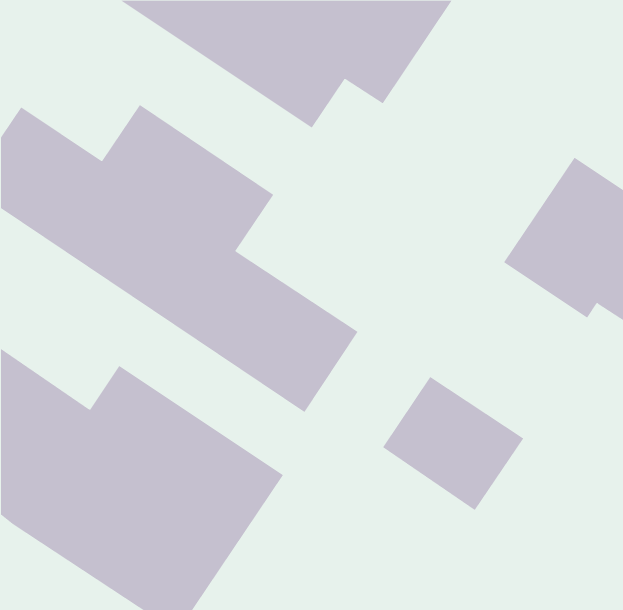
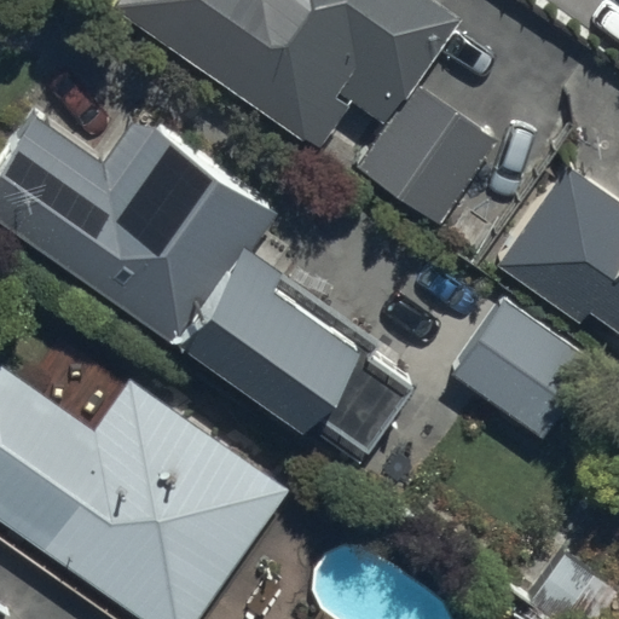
building: none -> [361,88,494,221]
building: [382,376,524,511] -> [449,300,589,433]

